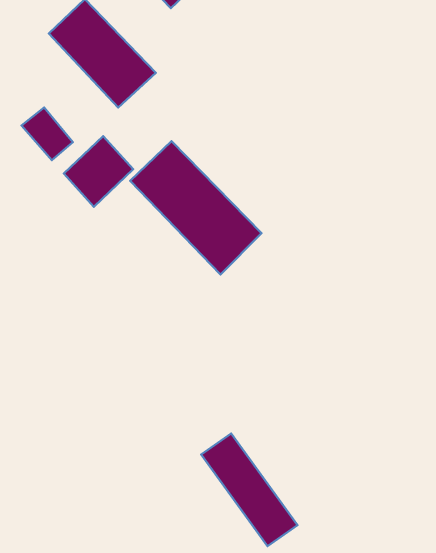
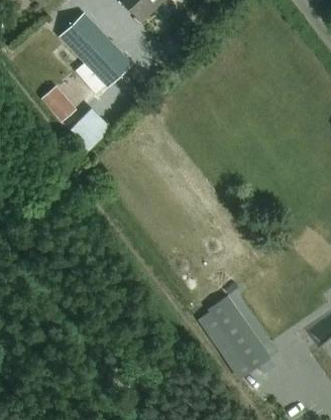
building: [130,141,262,275] -> none
building: [201,433,298,546] -> [207,298,271,374]

